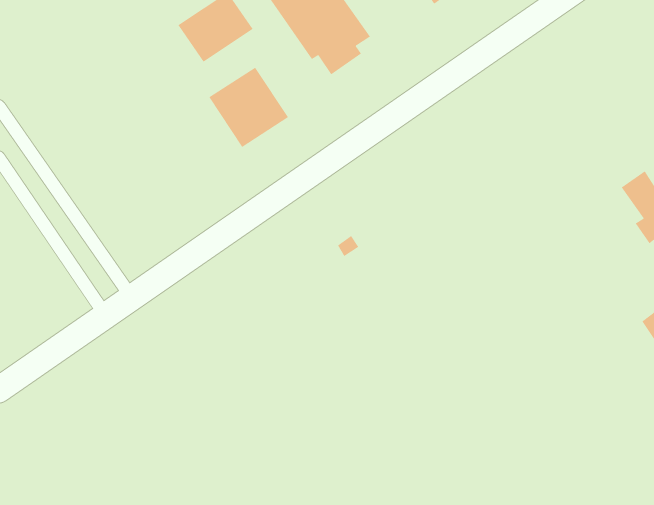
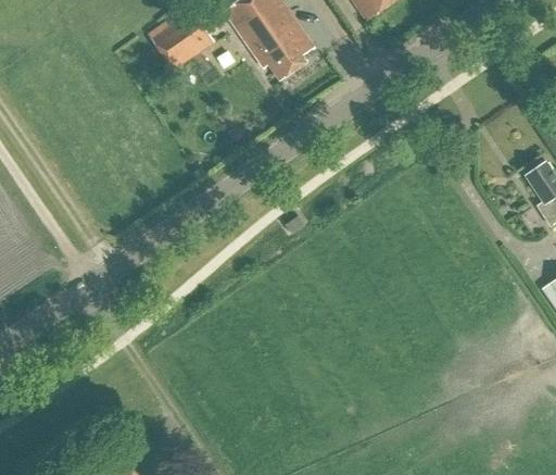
building: [208,67,289,148] -> none

